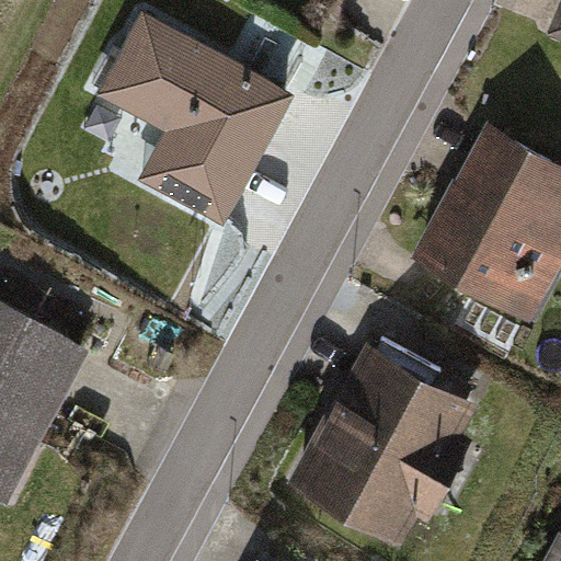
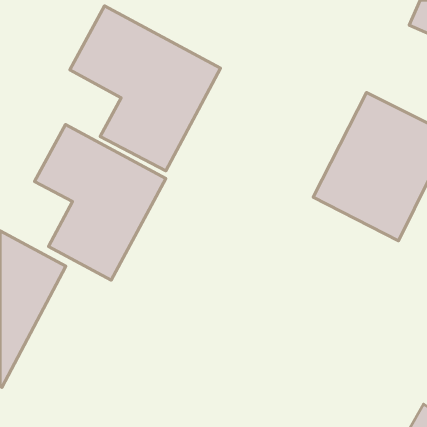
building: none -> [34,125,166,280]
building: [282,344,472,550] -> none

